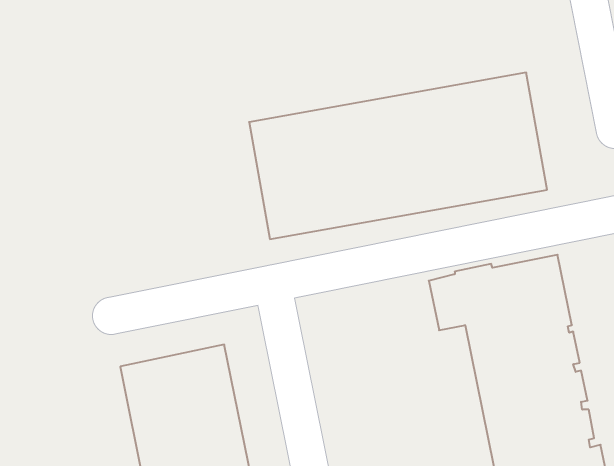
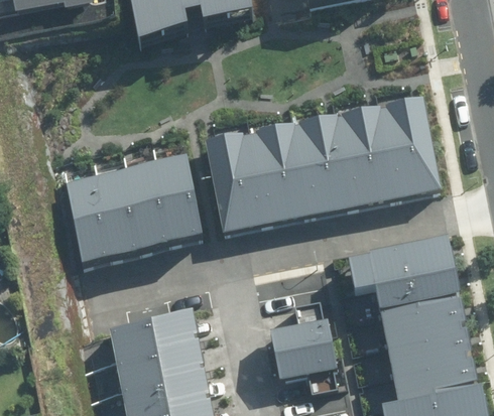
building: none -> [61,158,203,260]
building: none -> [269,317,337,380]

